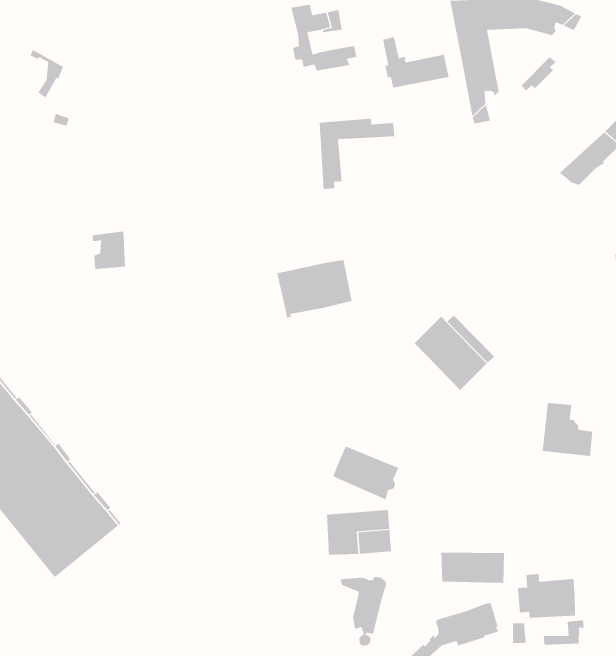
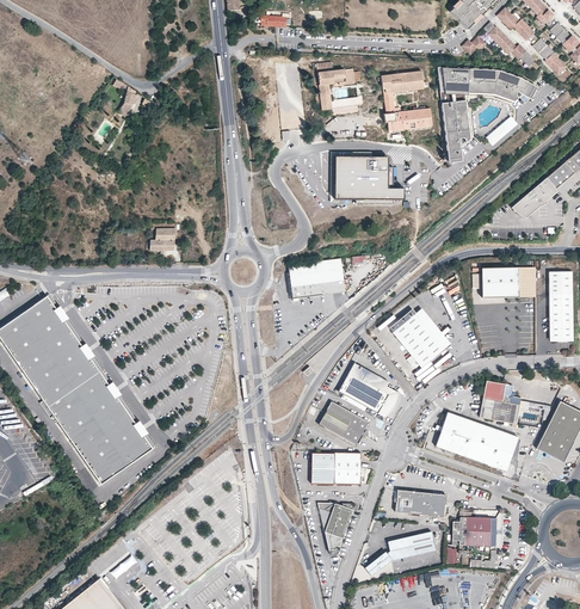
building: none -> [382,69,430,93]
building: none -> [345,167,405,205]
building: none -> [481,267,535,299]
building: none -> [339,362,399,413]
building: none -> [436,413,518,472]

